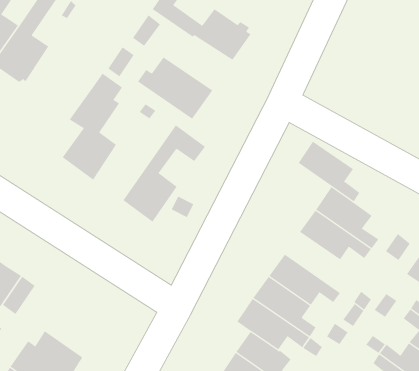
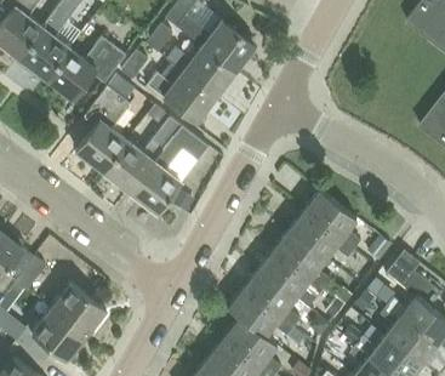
building: none -> [46,35,125,99]
building: none -> [167,45,236,96]
building: none -> [103,116,181,192]
building: [298,141,360,202] -> [274,229,330,287]
building: none -> [51,283,108,334]

